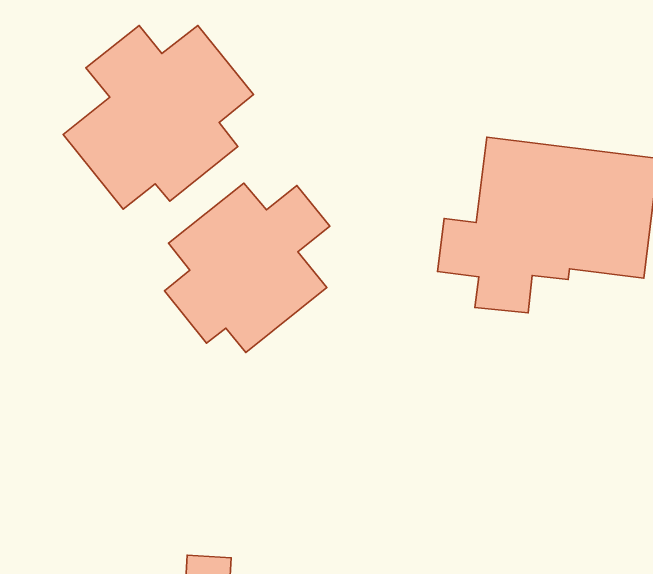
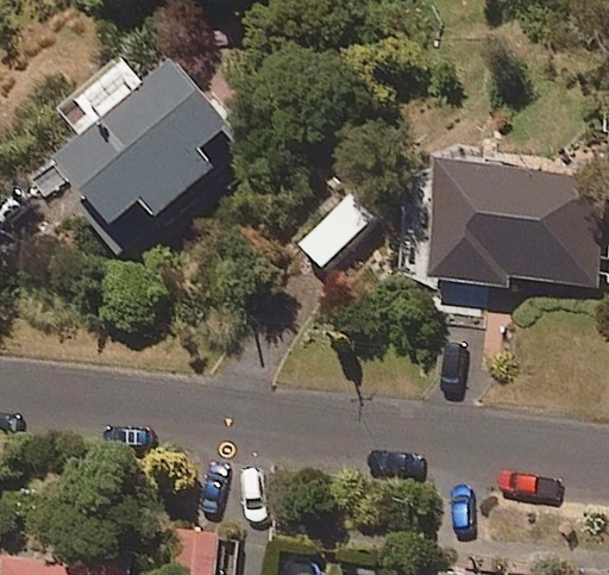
building: [165,183,330,352] -> none

